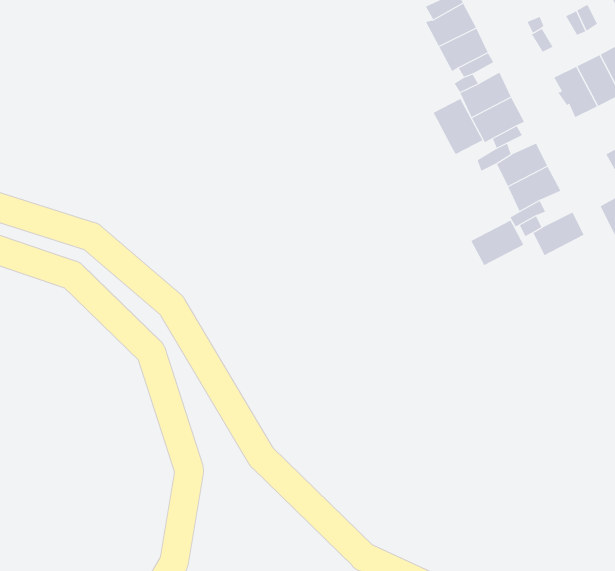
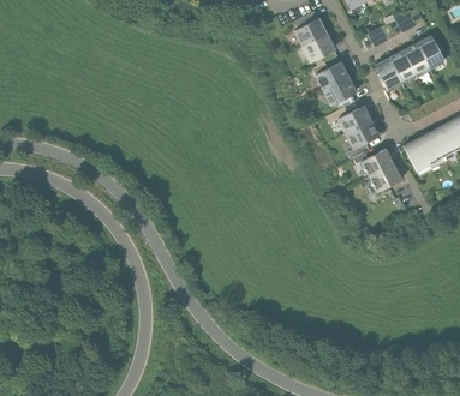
building: [433,98,483,155] -> none
building: [471,220,524,266] -> [369,163,402,192]

